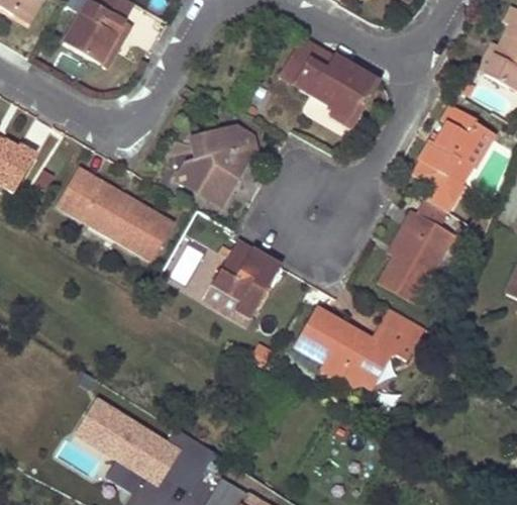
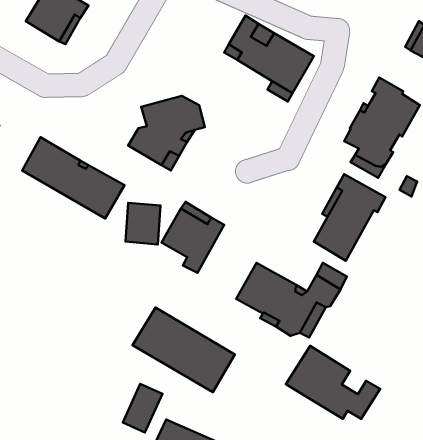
building: [71,396,183,489] -> [133,307,235,392]
building: none -> [286,346,380,419]

